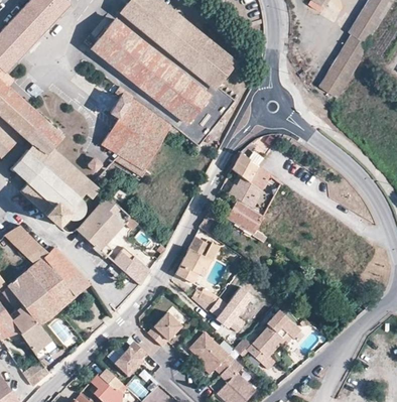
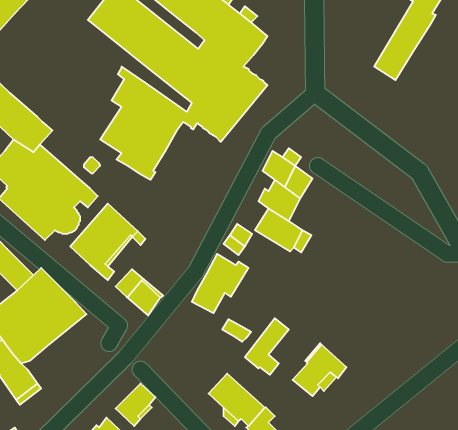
building: [147,311,181,346] -> none
building: [245,337,273,366] -> none

